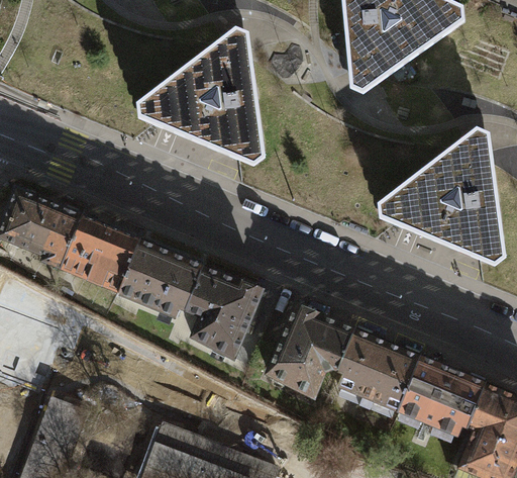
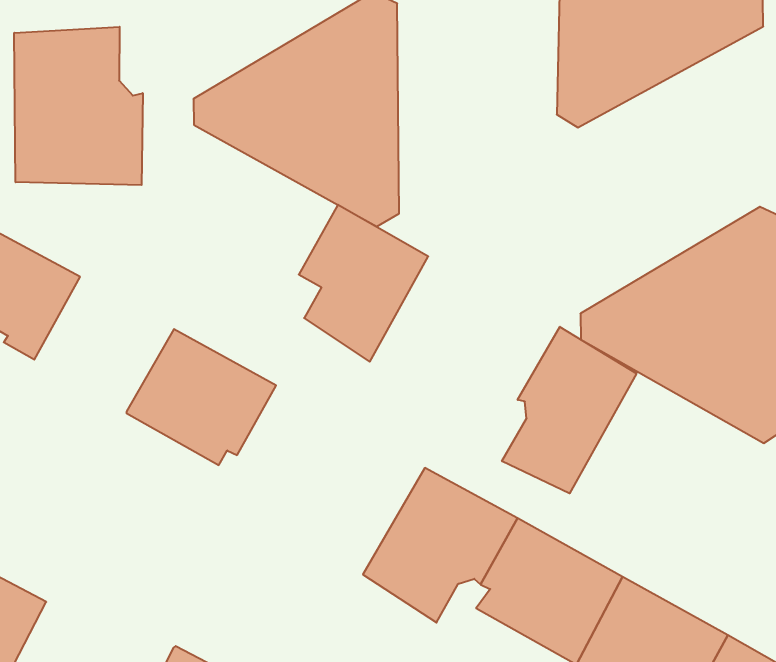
building: none -> [14,27,143,185]
building: none -> [502,327,636,493]
building: [60,216,139,292] -> none
building: [185,267,260,357] -> [299,205,428,362]

